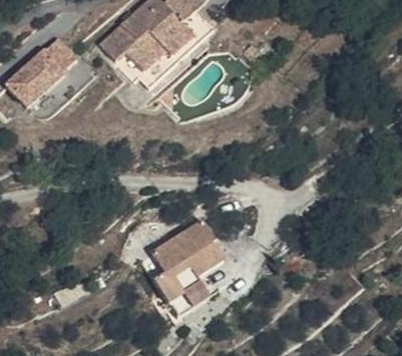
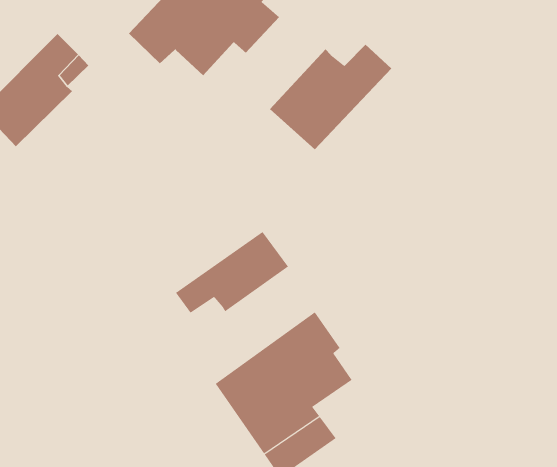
building: none -> [269,44,392,150]
building: none -> [175,231,289,314]

